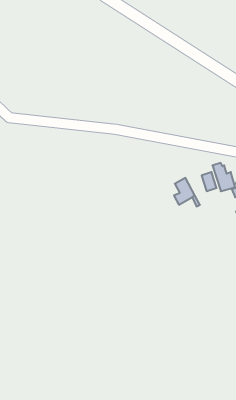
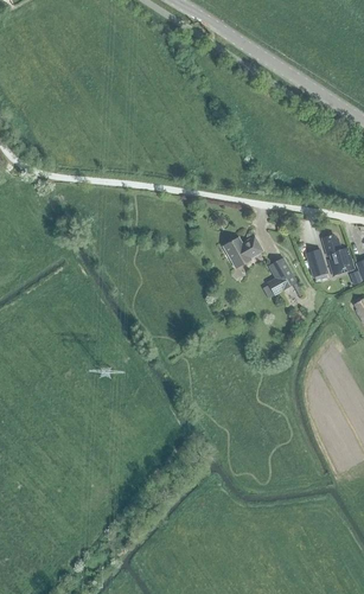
building: none -> [223,236,262,268]

